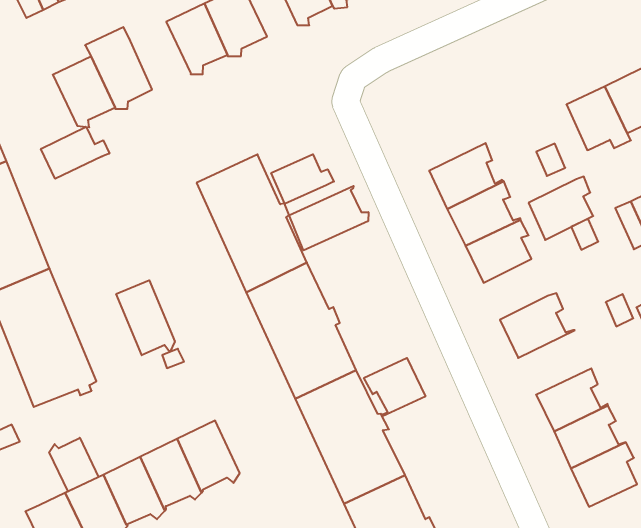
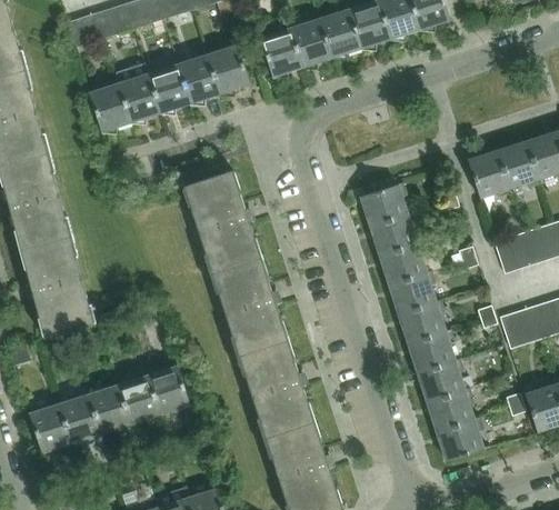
building: none -> [148,63,190,114]
building: [41,127,109,179] -> none
building: [271,154,334,204] -> none
building: [529,177,593,240] -> [388,271,435,314]
building: [289,186,368,250] -> none
building: [116,280,175,355] -> none
building: none -> [407,329,460,373]
building: [364,358,425,416] -> none
building: [49,438,98,492] -> none

